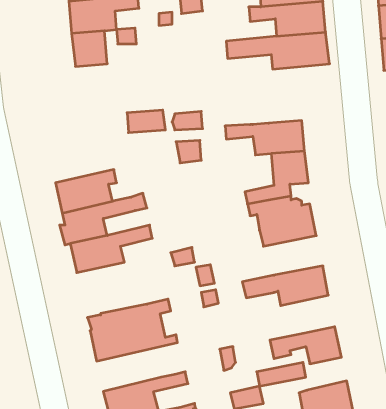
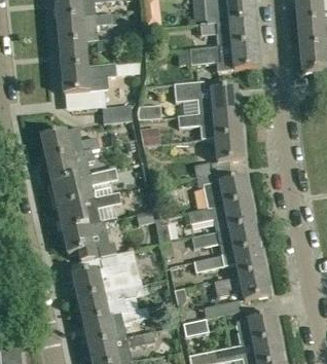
building: none -> [62,64,113,104]
building: none -> [173,78,238,114]
building: none -> [41,126,99,159]
building: none -> [183,201,254,231]
building: none -> [63,221,117,261]
building: none -> [194,247,263,277]
building: none -> [78,284,144,322]

